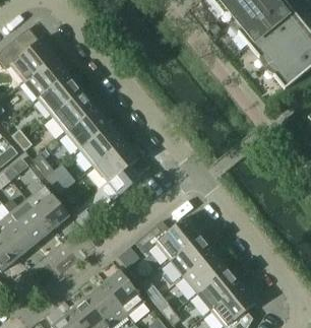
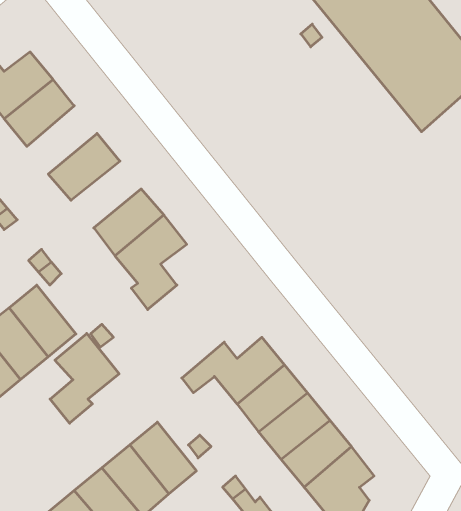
building: [38,73,81,116] -> none
building: [65,108,109,149] -> none
building: none -> [50,333,119,423]

